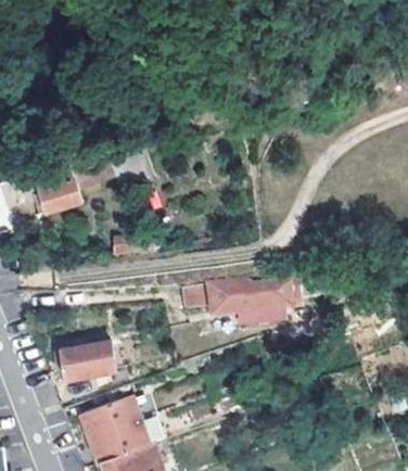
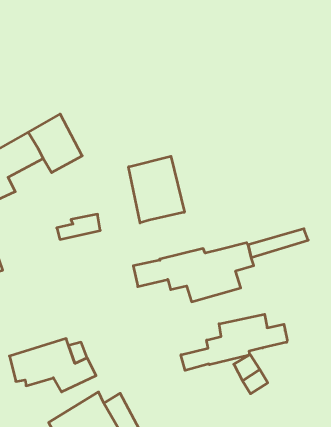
building: none -> [129,156,184,223]
building: none -> [181,314,287,370]

